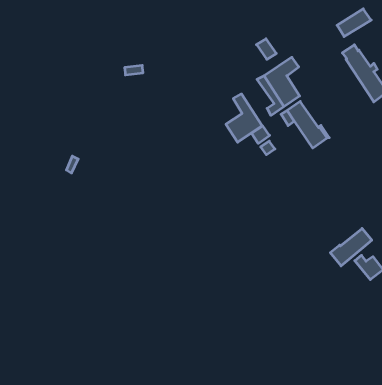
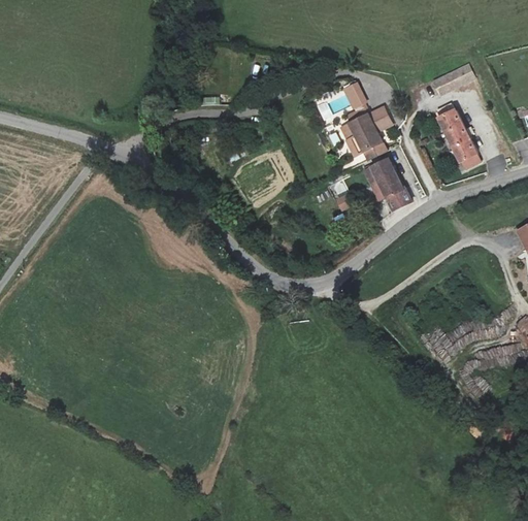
building: [226,94,262,142] -> none
building: [330,228,372,266] -> none

